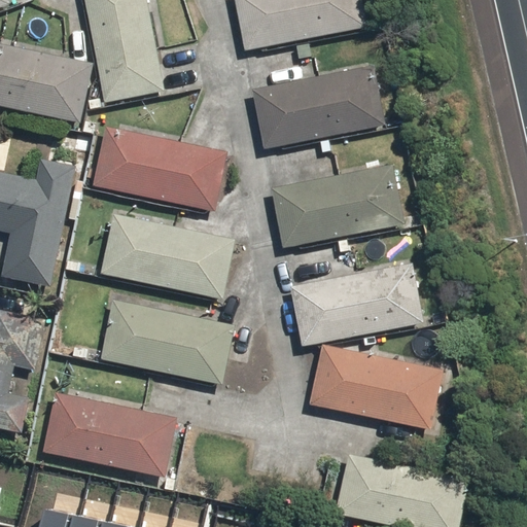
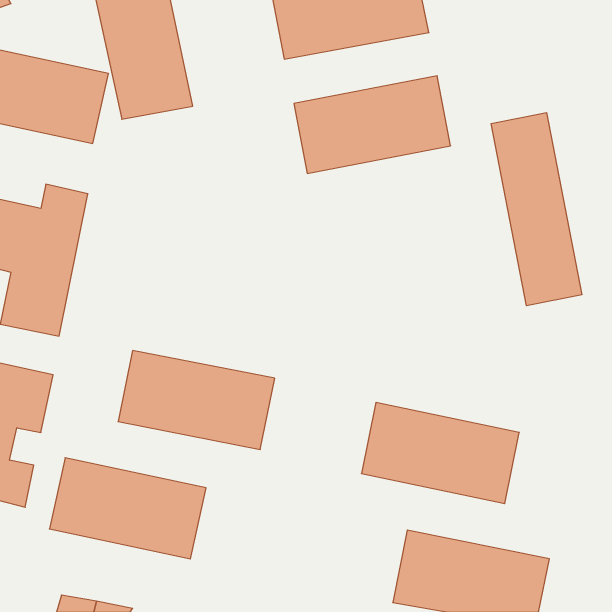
building: none -> [491,113,582,306]
building: [93,126,226,211] -> none
building: [271,164,405,248] -> none
building: [101,213,235,298] -> none
building: [289,262,424,346] -> none

